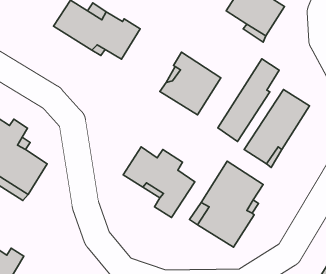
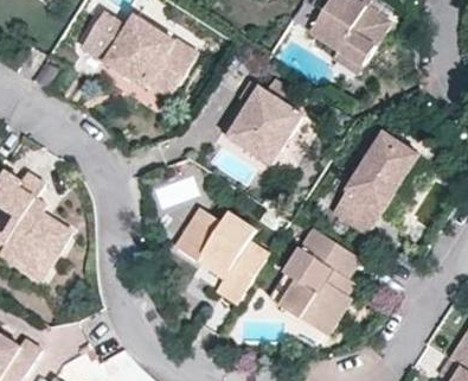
building: [218,59,279,141] -> none

